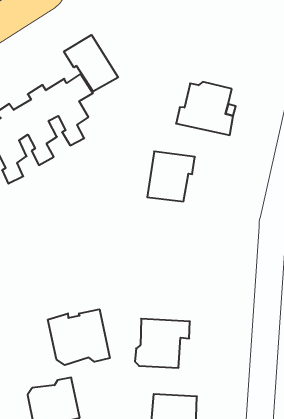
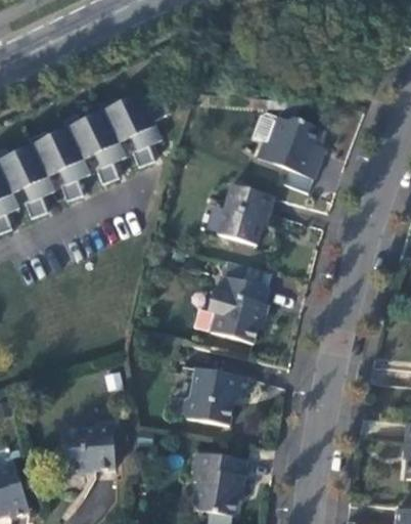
building: [64,35,118,91] -> none
building: none -> [190,274,270,344]
building: [48,309,110,365] -> none

